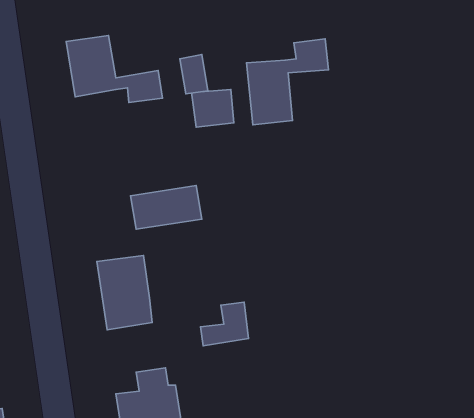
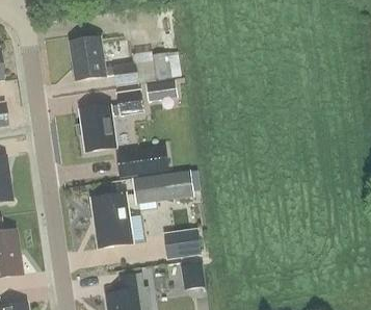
building: [247,39,328,125] -> none
building: none -> [80,88,143,151]
building: none -> [132,167,193,202]
building: none -> [180,261,206,288]

